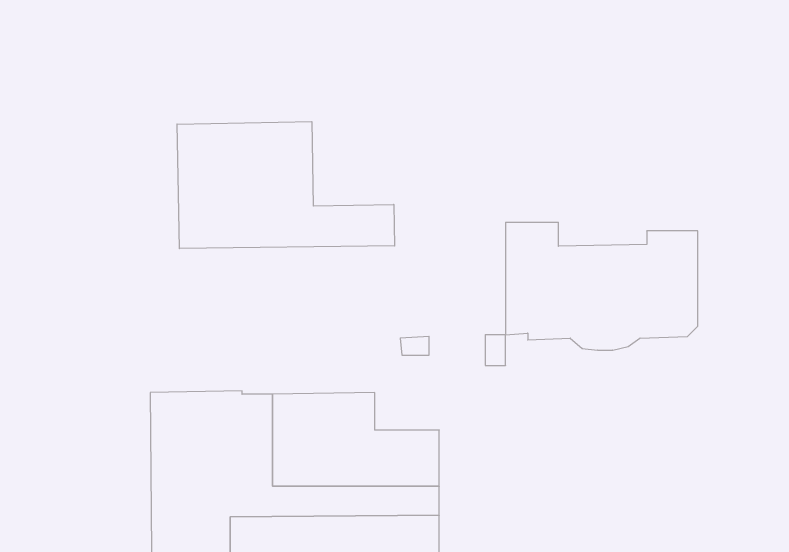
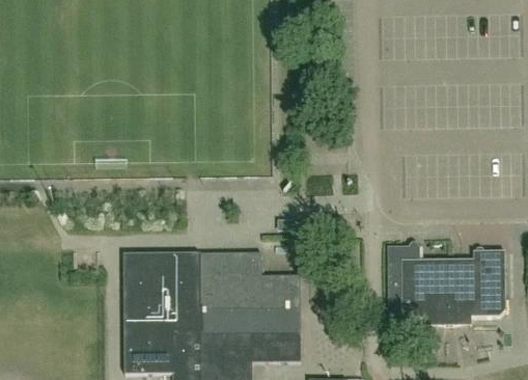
building: [177,122,395,249] -> none
building: [506,222,698,350] -> [387,245,504,323]

